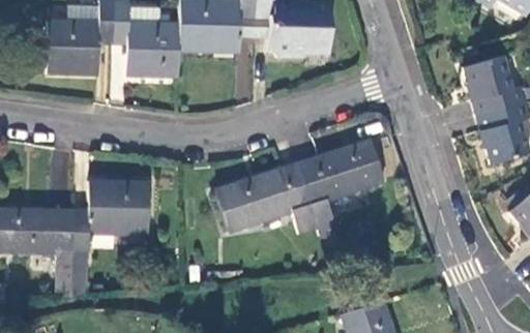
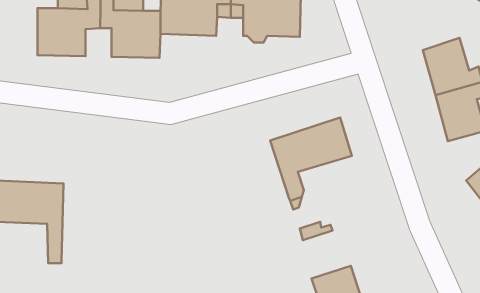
building: [215,165,318,235] -> none
building: [72,182,149,297] -> none

